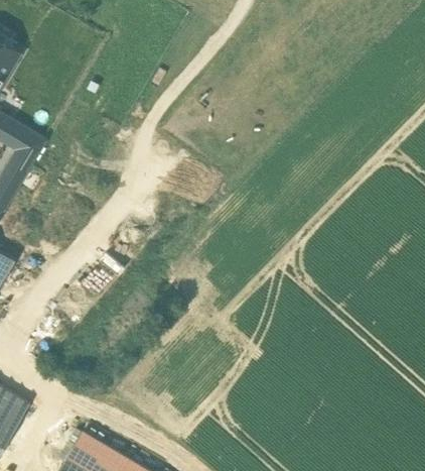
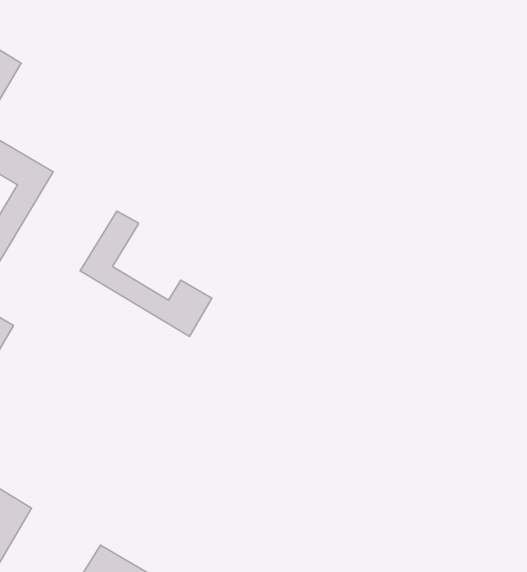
building: none -> [80,211,212,337]

